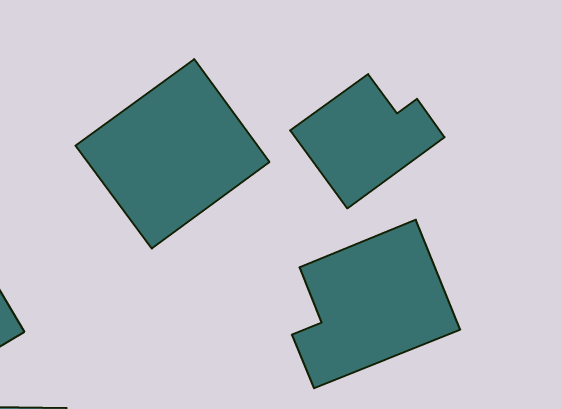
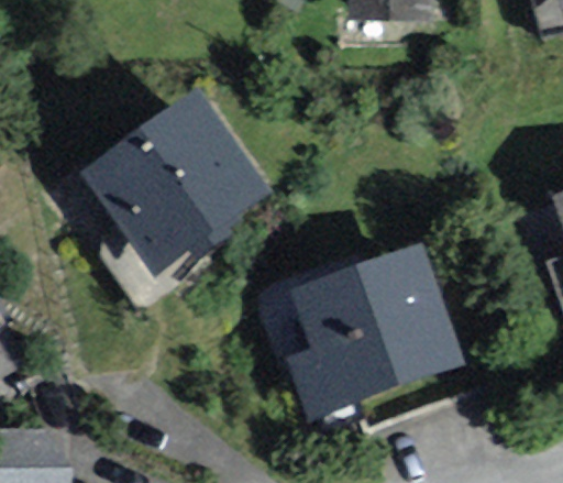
building: [290,74,445,208] -> none

